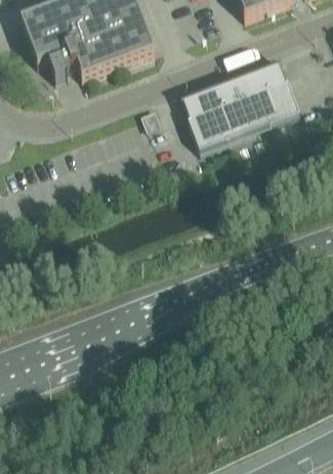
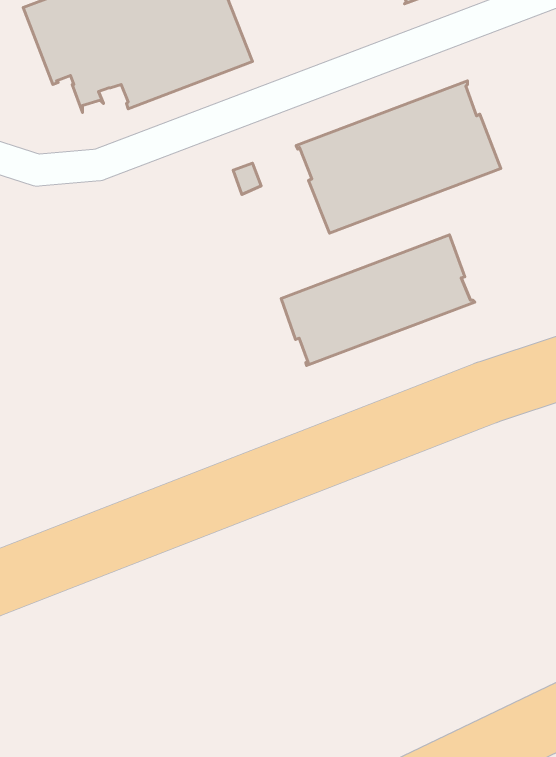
building: none -> [281,235,475,366]

